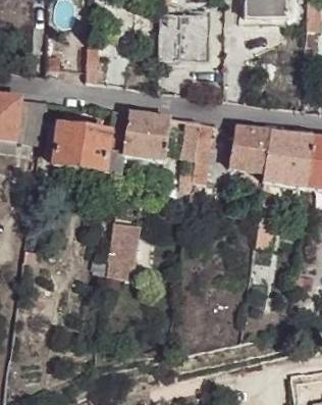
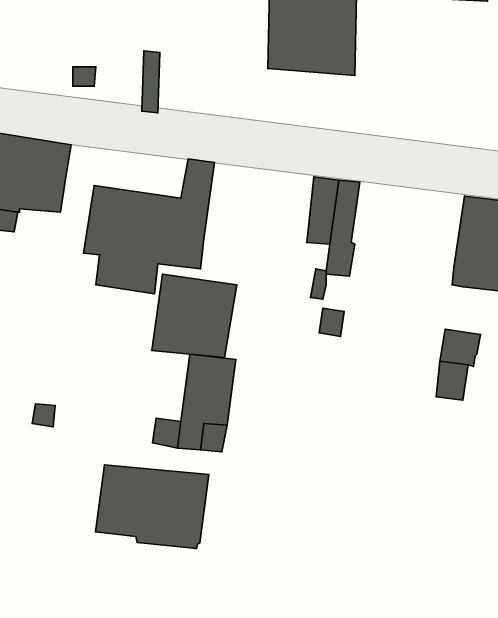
building: [122,110,171,158] -> [152,274,237,358]
building: [229,124,272,170] -> none
building: none -> [96,465,209,548]

